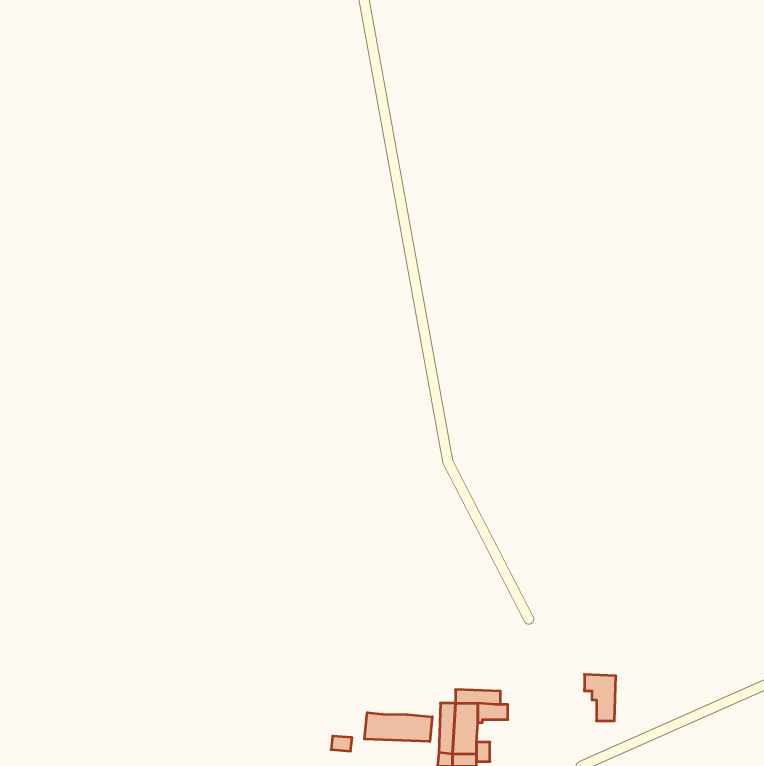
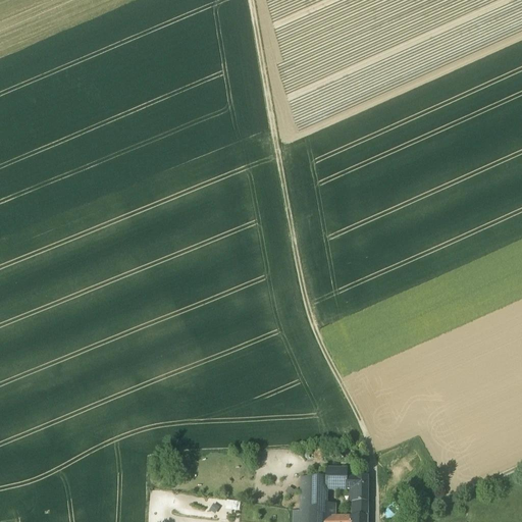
building: [584,674,616,721] -> [346,479,367,511]
building: [364,713,432,742] -> none

